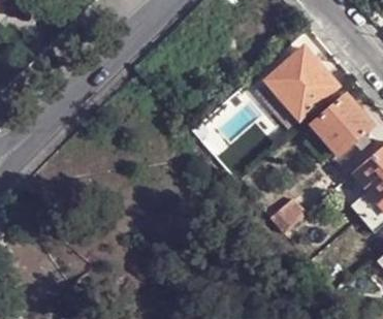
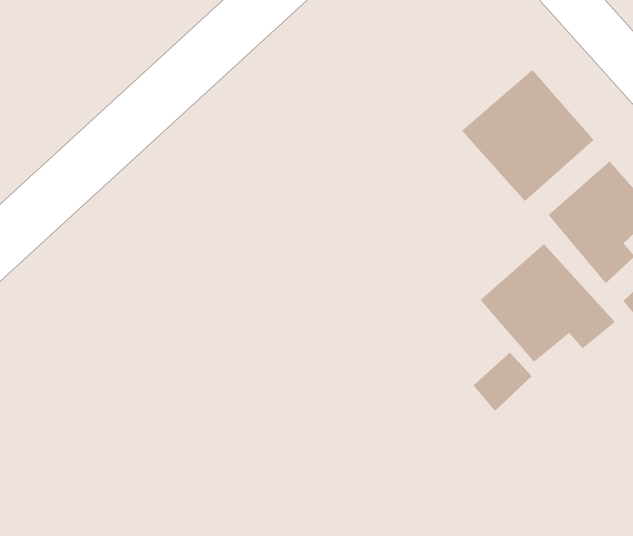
building: none -> [479,243,616,363]

